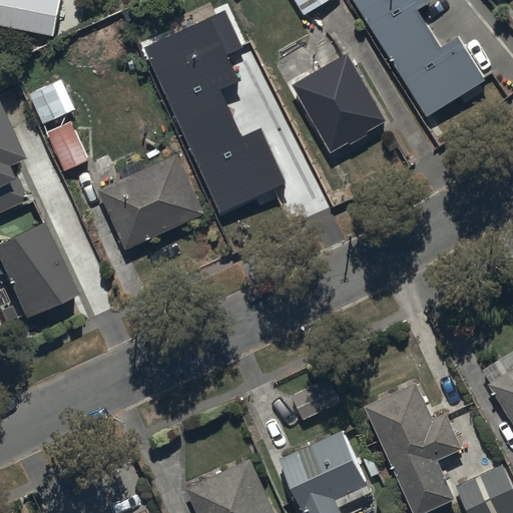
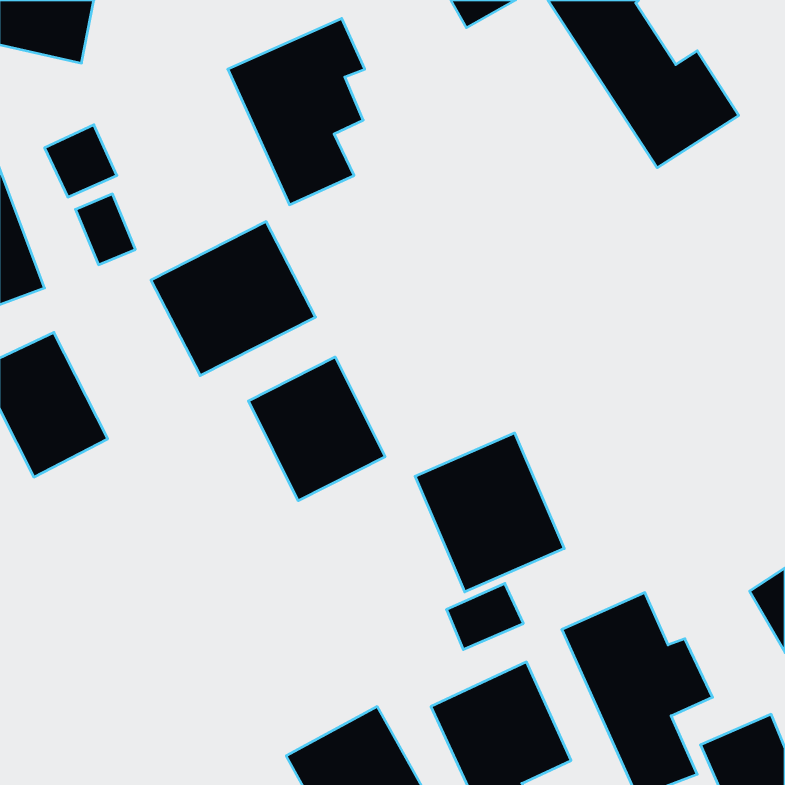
building: [290,48,388,149] -> none
building: [188,115,284,209] -> none
building: none -> [248,357,385,501]
building: none -> [415,433,564,592]

